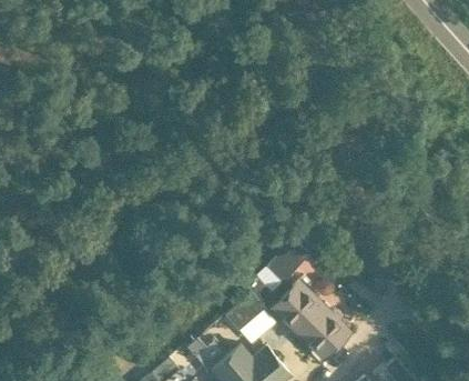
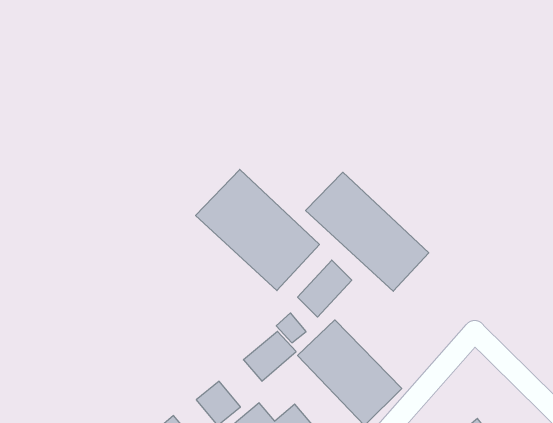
building: none -> [196,169,319,291]
building: none -> [306,172,429,291]

